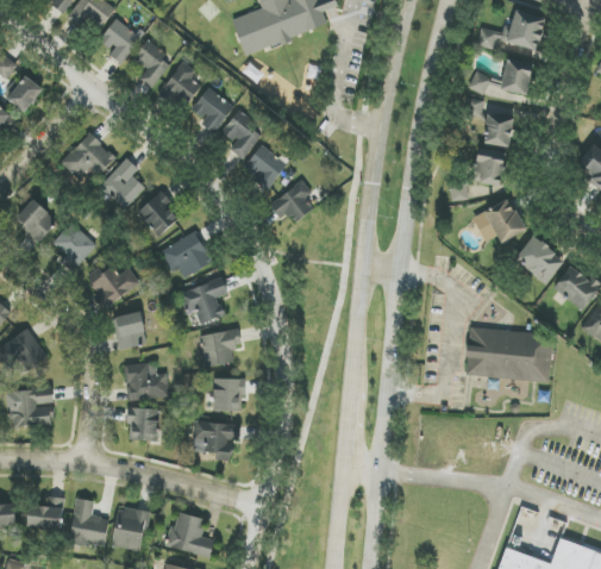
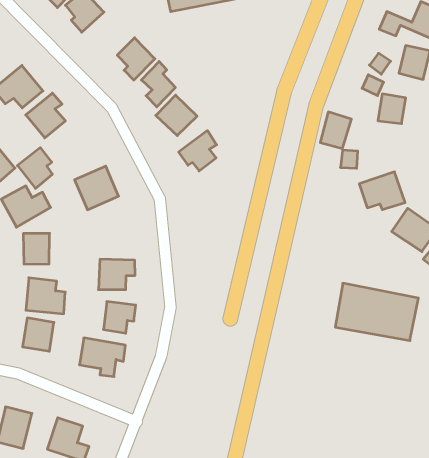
building: [161,61,200,108] -> none
building: [475,148,506,186] -> [320,112,351,149]
building: [137,190,176,236] -> [17,148,52,188]
building: [177,277,227,324] -> none

